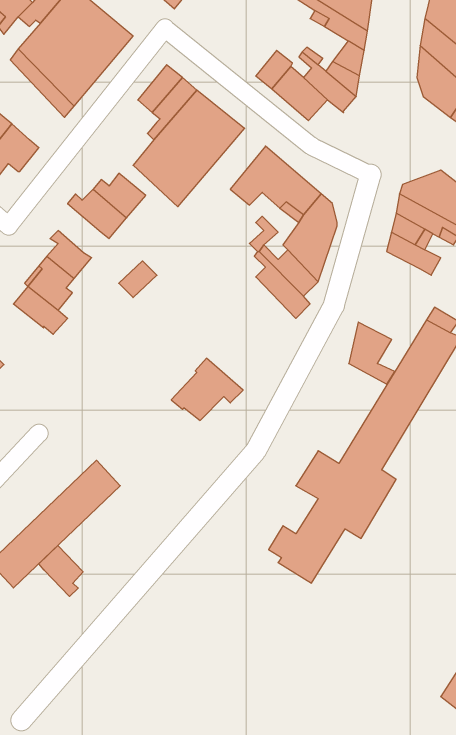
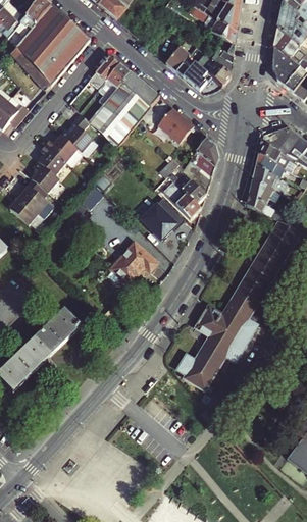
building: none -> [41,144,68,175]
building: none -> [142,197,186,239]
building: [349,322,395,384] -> [245,174,274,214]
building: [39,546,83,596] -> none

